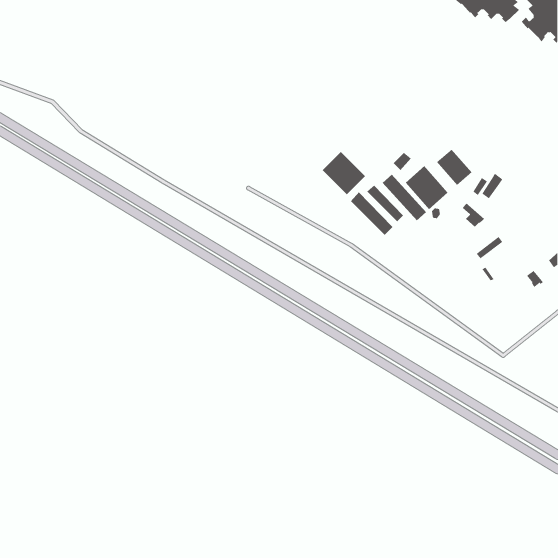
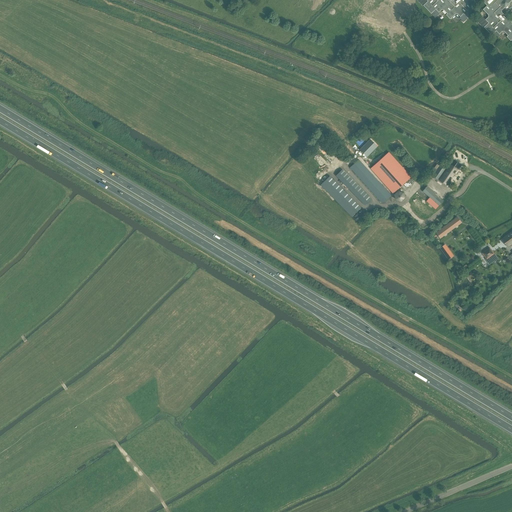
building: [436,149,473,186] -> none
building: [322,151,366,195] -> none

